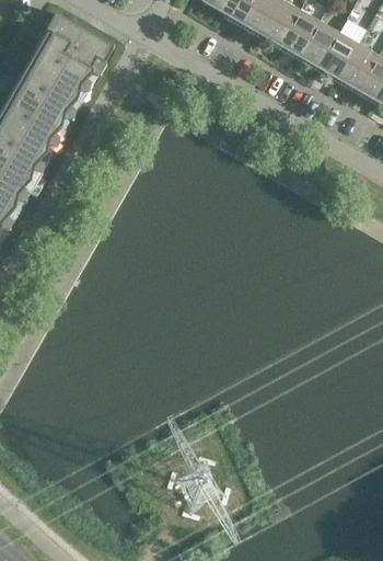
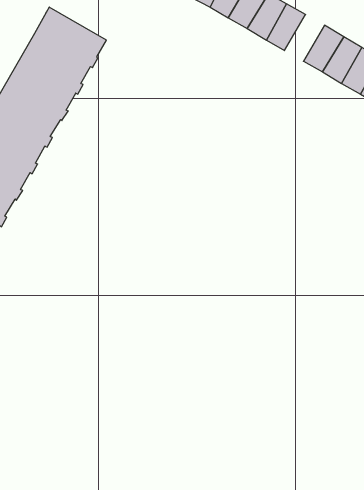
building: [297,19,338,67] -> none

